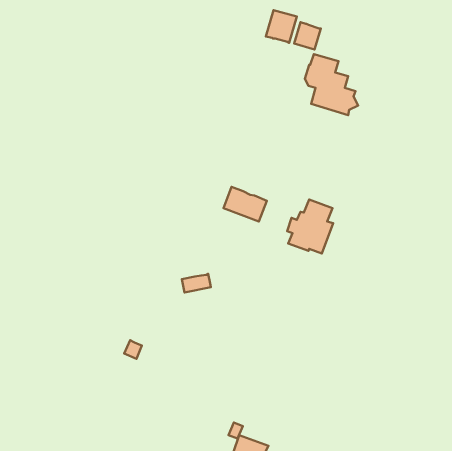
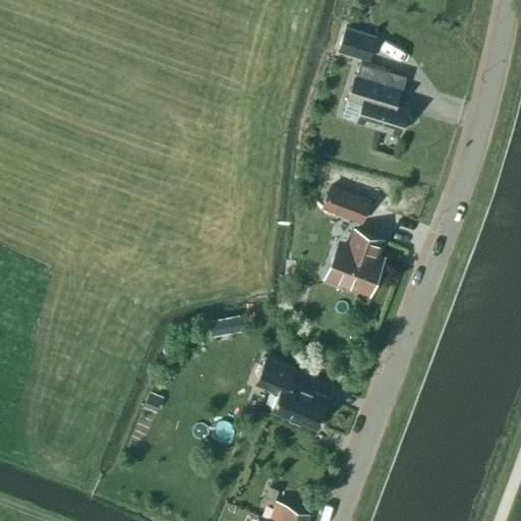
building: [266,10,297,43] -> none
building: [224,187,267,221] -> [322,184,371,224]
building: none -> [255,358,331,429]

